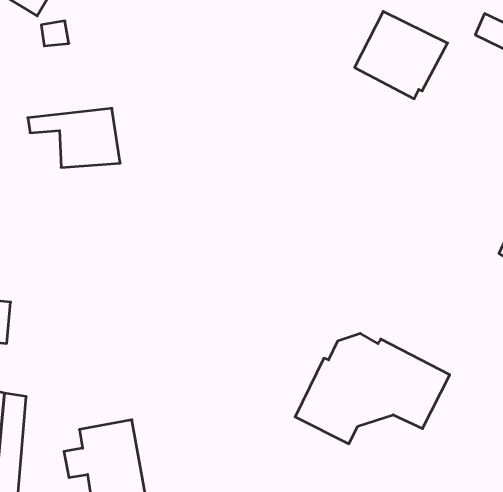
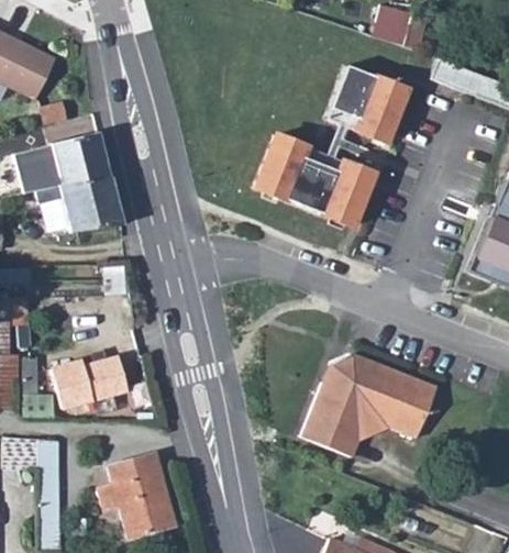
building: none -> [14,132,111,193]
building: none -> [256,135,370,226]
building: none -> [53,357,128,408]

